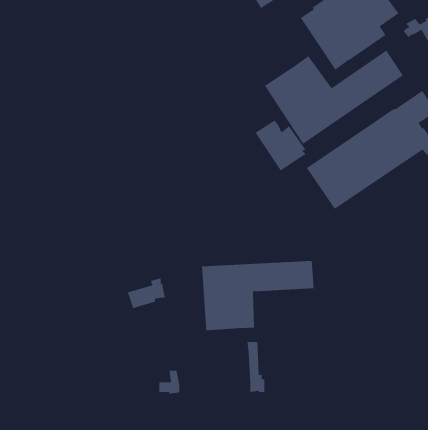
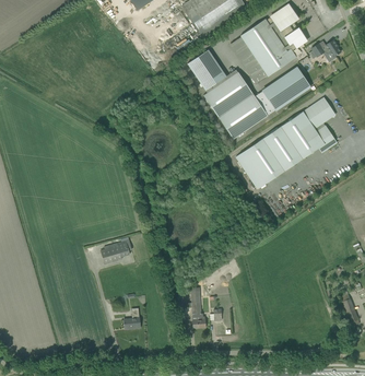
building: [254,120,306,172] -> [187,52,226,92]
building: [201,260,314,331] -> none

